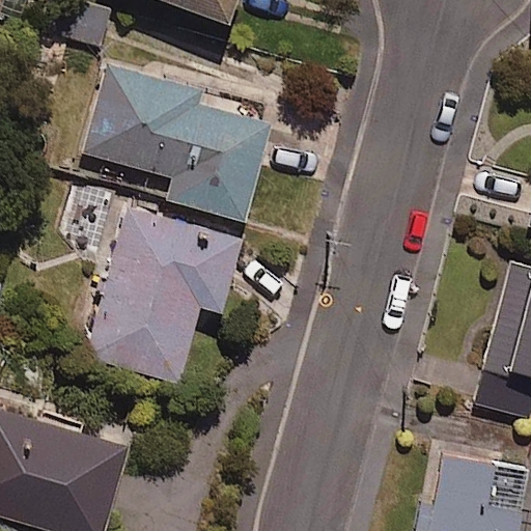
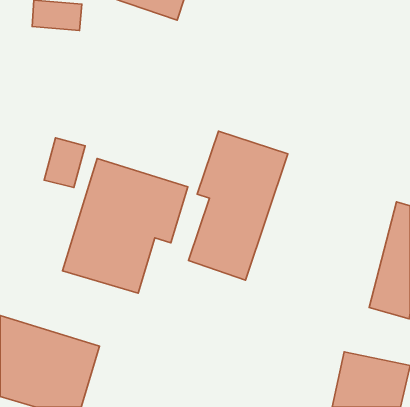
building: [79,62,274,222] -> none
building: none -> [189,131,288,280]

